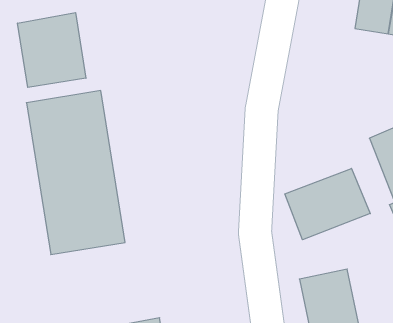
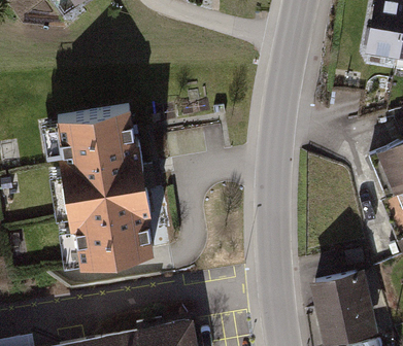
building: [18,13,86,87] -> none
building: [285,168,370,240] -> none

